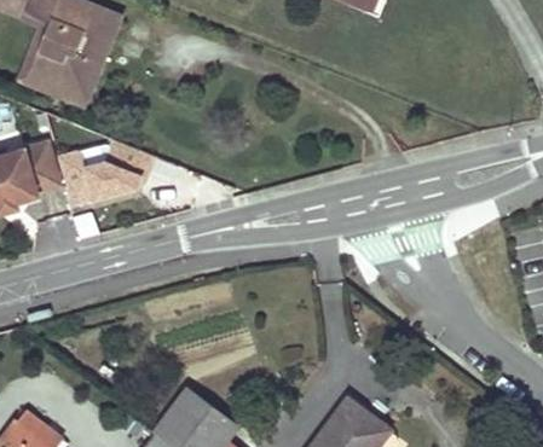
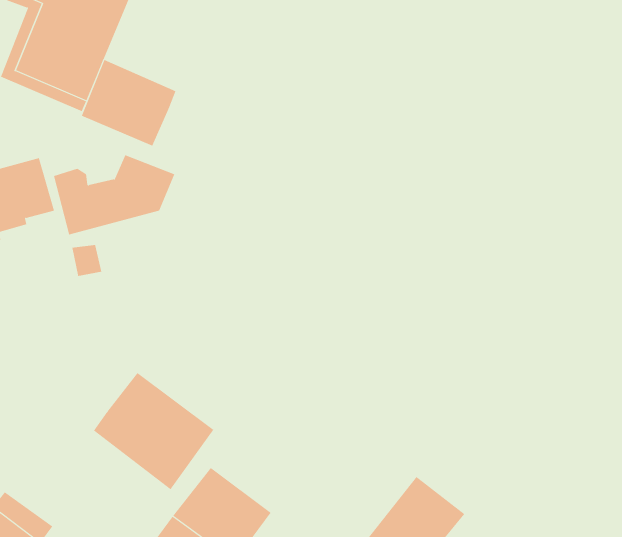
building: none -> [81,59,176,147]
building: none -> [93,372,214,490]

